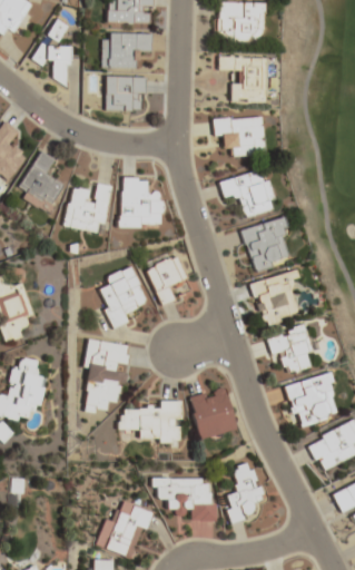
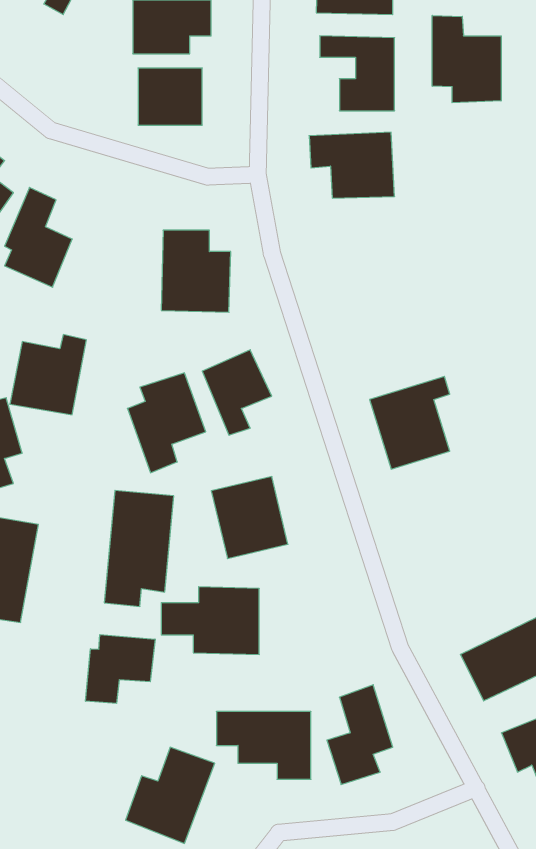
building: none -> [432,15,501,103]
building: [34,45,68,83] -> none
building: [218,168,276,217] -> none
building: [63,183,111,233] -> [10,335,86,415]
building: [241,217,289,272] -> none
building: [265,324,314,374] -> none
building: [284,372,341,429] -> none
building: [188,387,236,439] -> [211,477,288,559]
building: none -> [86,635,155,703]

